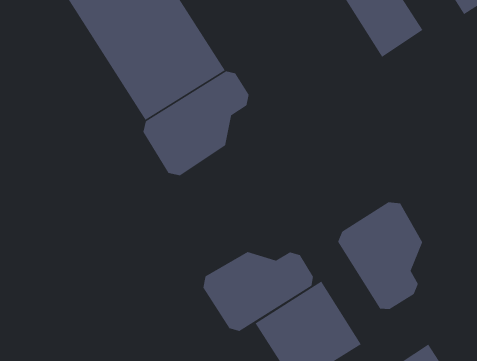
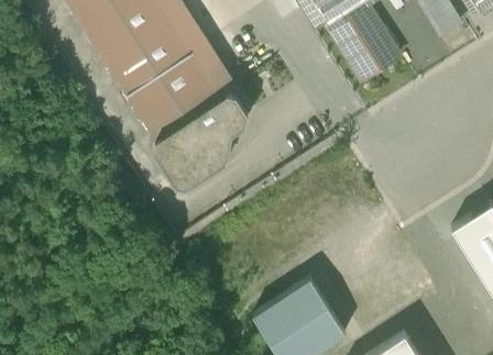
building: [337,201,423,310] -> none
building: [202,251,314,332] -> none

